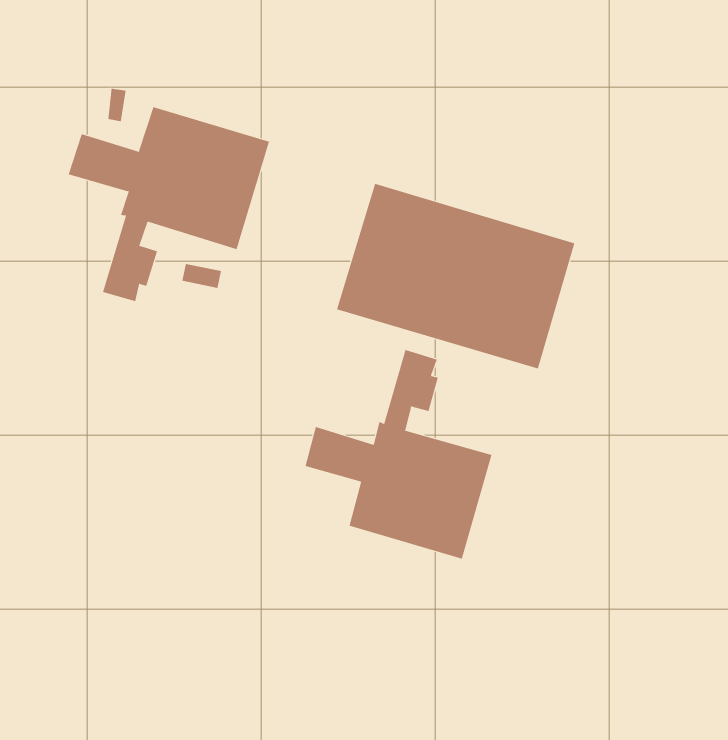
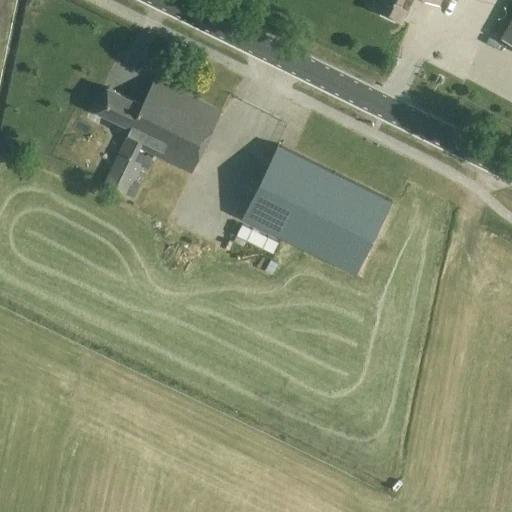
building: [305,349,492,559] -> none

